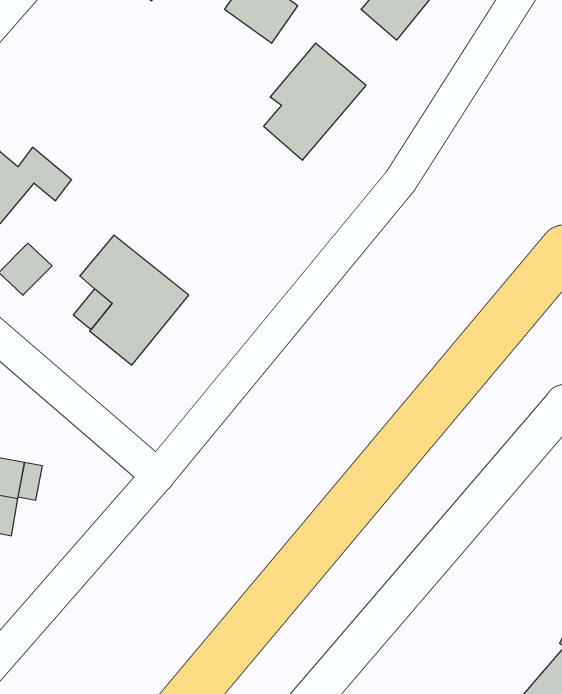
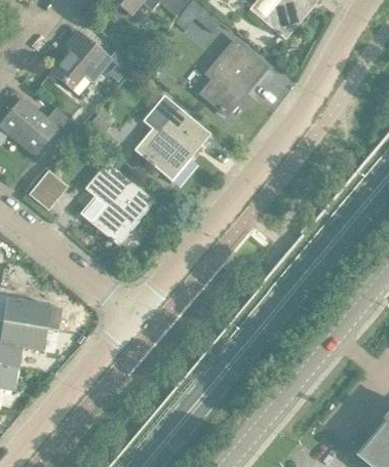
building: none -> [49,30,134,88]
building: none -> [133,94,208,179]

